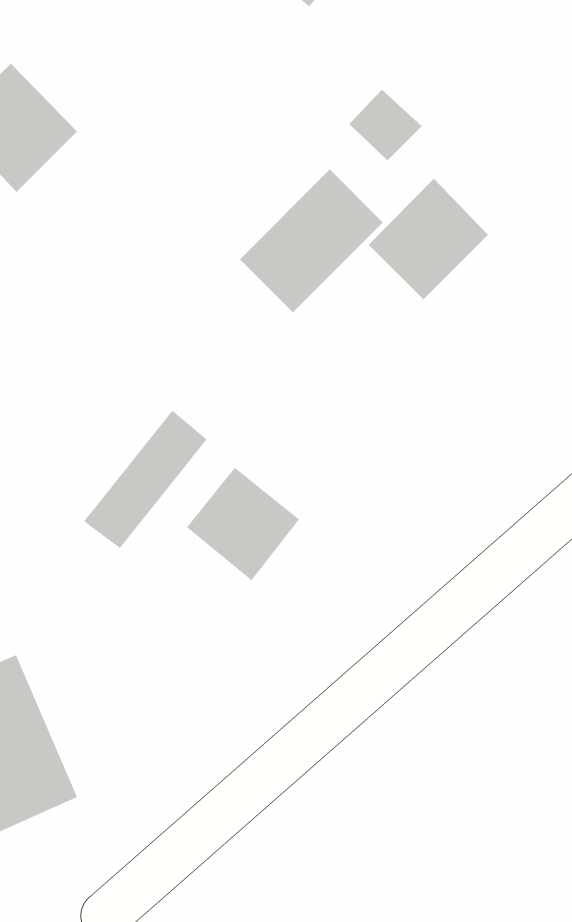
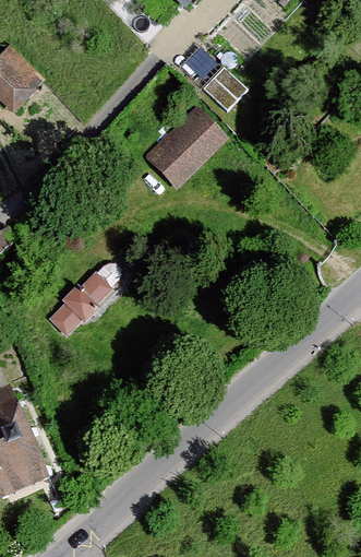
building: [368,178,489,300] -> none
building: [186,467,300,581] -> none

